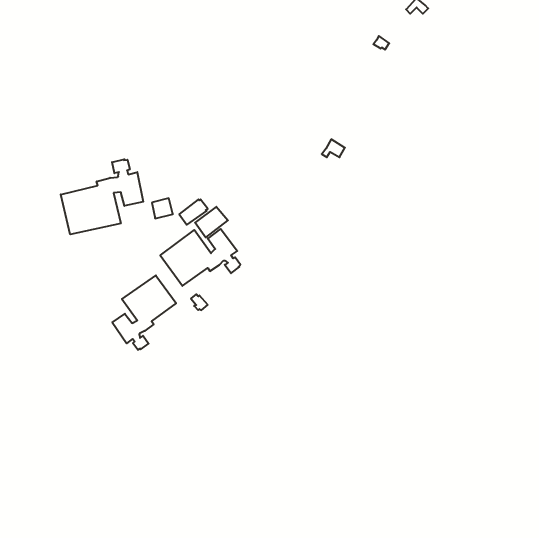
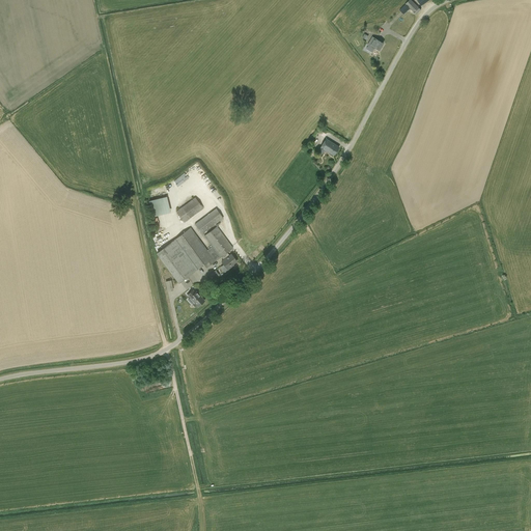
building: [61,159,143,234] -> none
building: [112,275,176,350] -> none

